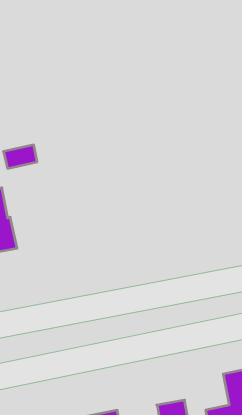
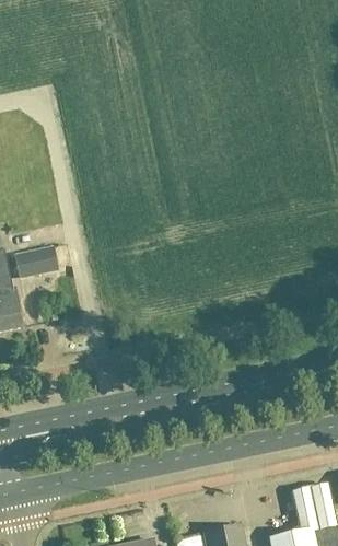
building: [3,145,37,168] -> [14,245,58,276]

